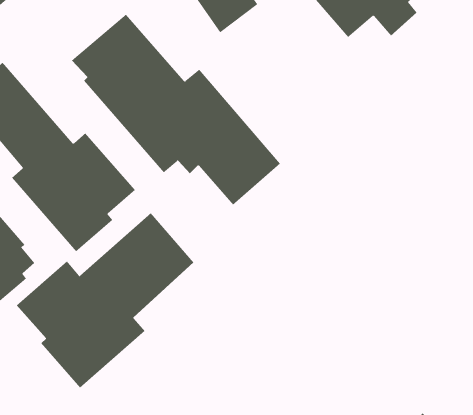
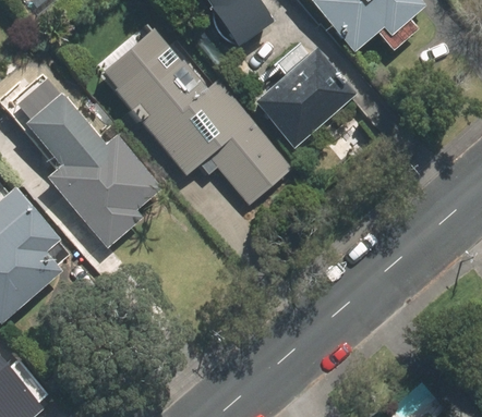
building: none -> [253,41,356,149]
building: [16,213,194,388] -> none

